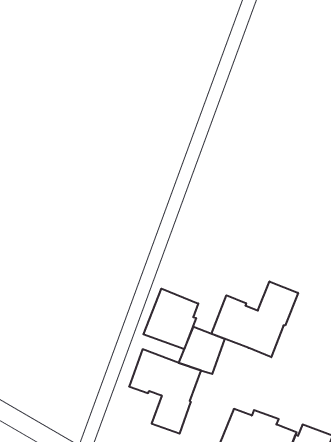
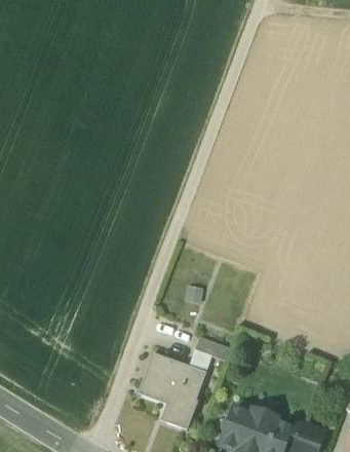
building: [212,281,298,357] -> none
building: [143,289,198,349] -> none

